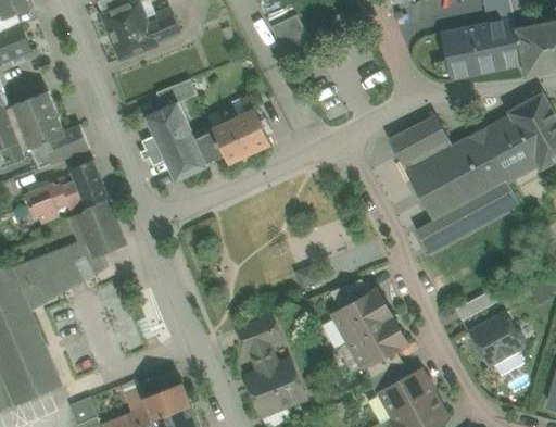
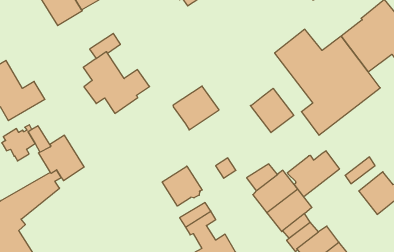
building: [213,110,270,163] -> [173,86,219,130]
building: [70,159,109,208] -> none
building: none -> [250,88,294,133]
building: [34,252,112,304] -> none
building: none -> [162,166,202,206]
building: none -> [287,151,339,197]

